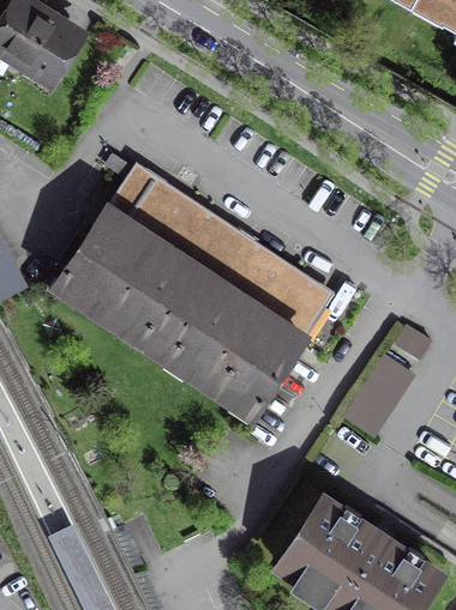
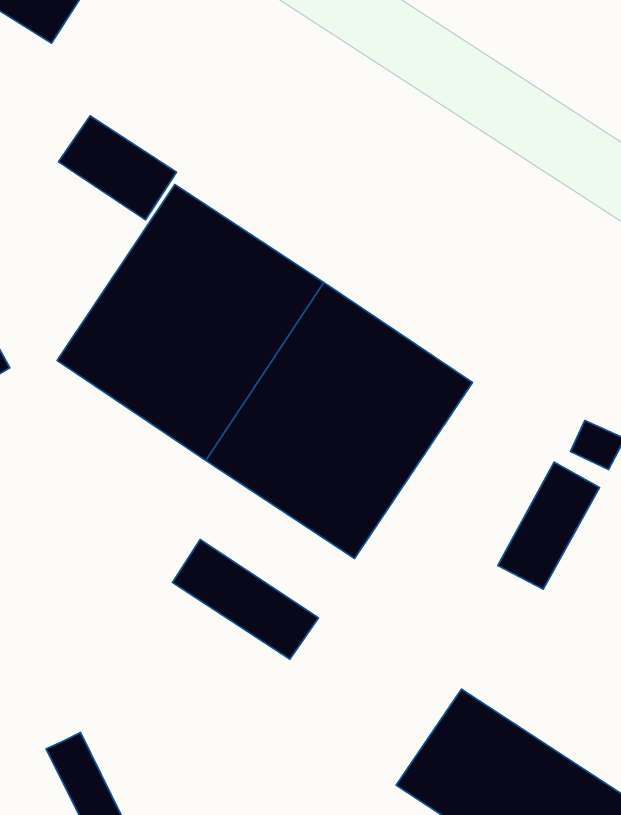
building: none -> [59,116,177,220]
building: none -> [173,539,319,659]

